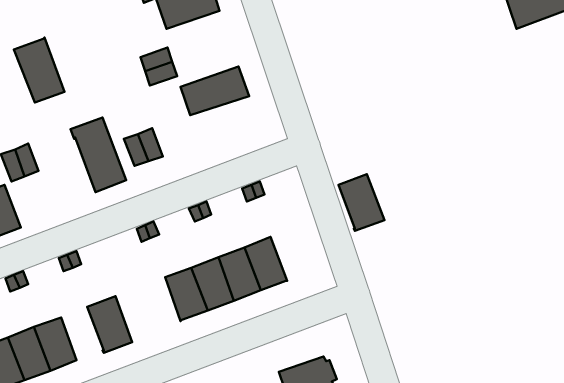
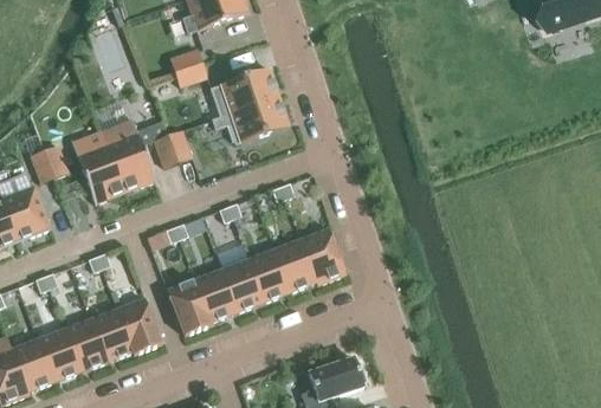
building: [14,38,65,103] -> [73,140,124,205]
building: none -> [211,98,287,144]
building: [338,174,384,231] -> [299,228,345,285]
building: none -> [166,279,212,336]
building: none -> [90,309,133,362]

